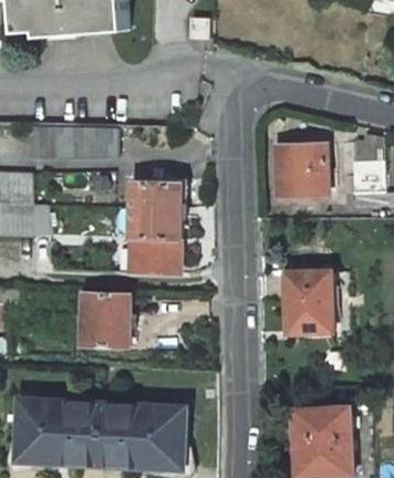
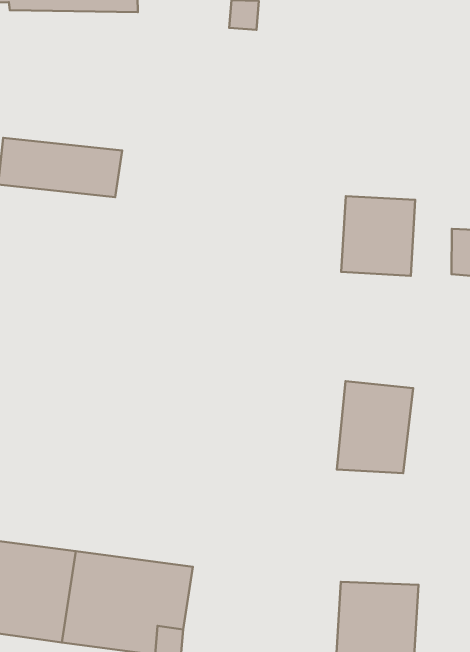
building: [127,183,177,272] -> none
building: [80,292,129,346] -> none

